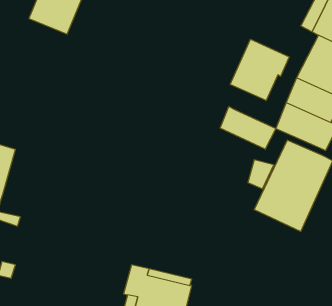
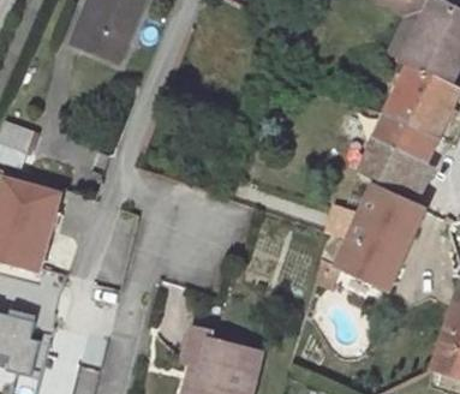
building: [230,39,289,101] -> none
building: [220,107,276,149] -> none

